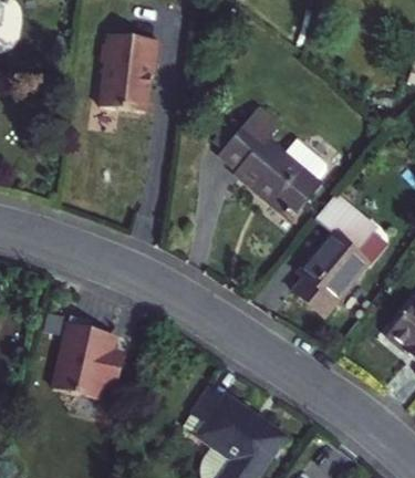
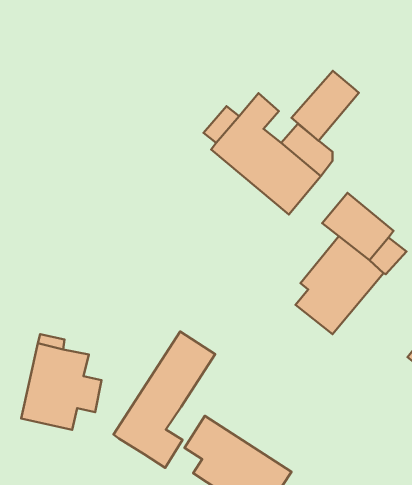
building: [100,34,157,112] -> none
building: none -> [291,71,359,141]
building: none -> [113,331,215,468]

